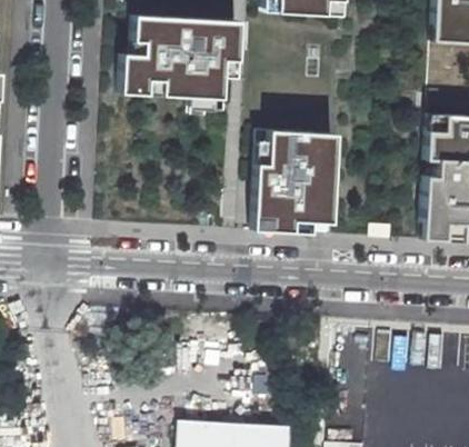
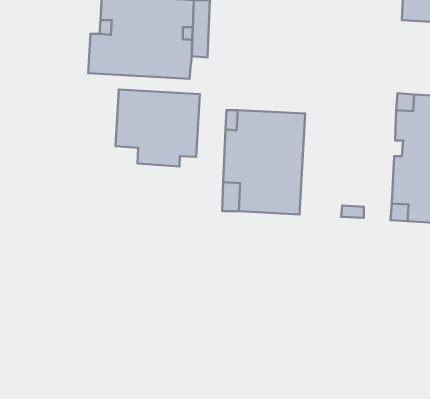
building: none -> [116,89,200,167]

